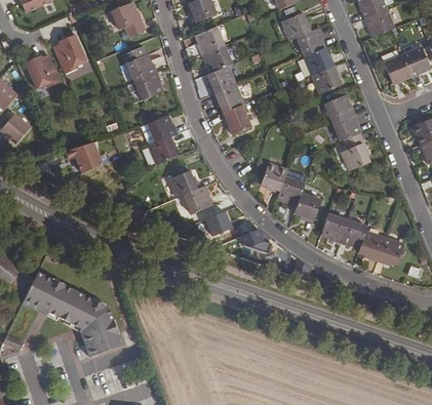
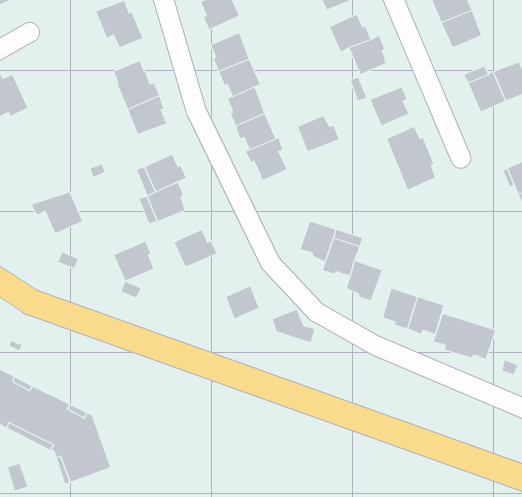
building: [54,34,87,74] -> none
building: [305,48,336,75] -> [297,115,339,152]
building: [342,132,370,170] -> none
building: [183,185,212,214] -> [114,241,154,281]

